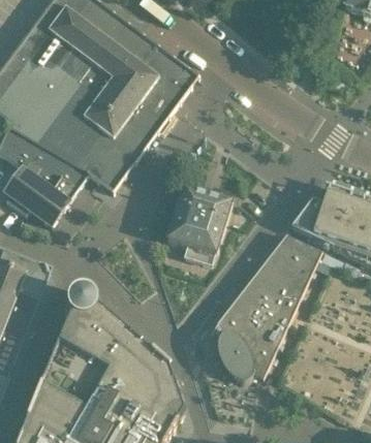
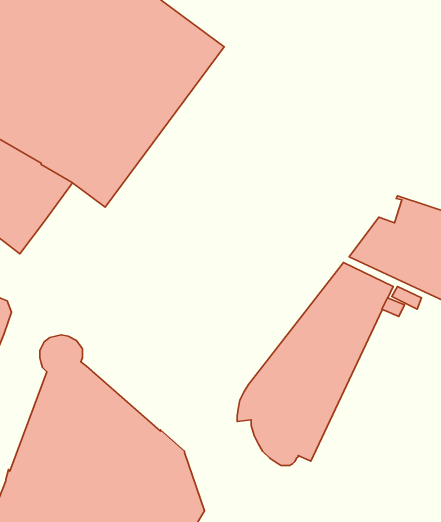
building: [165,188,230,267] -> none

